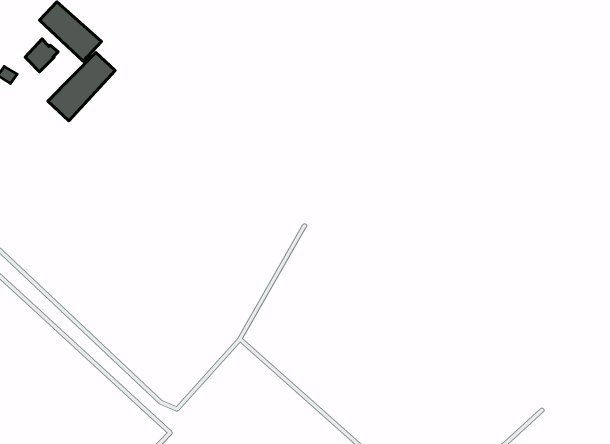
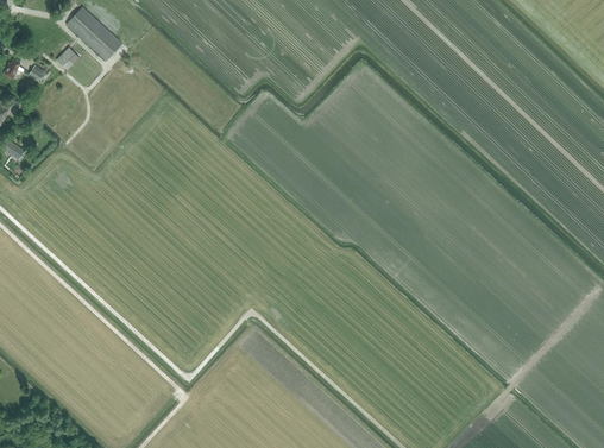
building: [48,52,115,121] -> none

